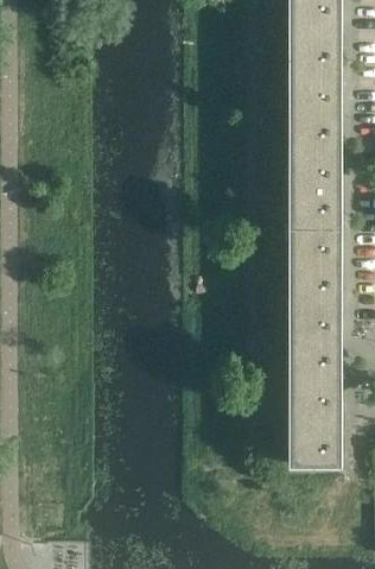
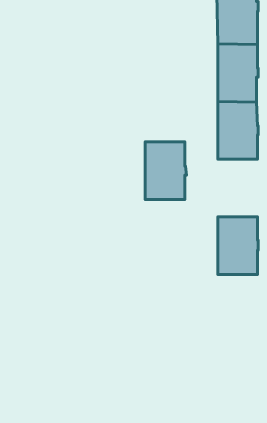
building: [288,219,343,295] -> [145,142,187,200]
building: [288,371,343,459] -> none

